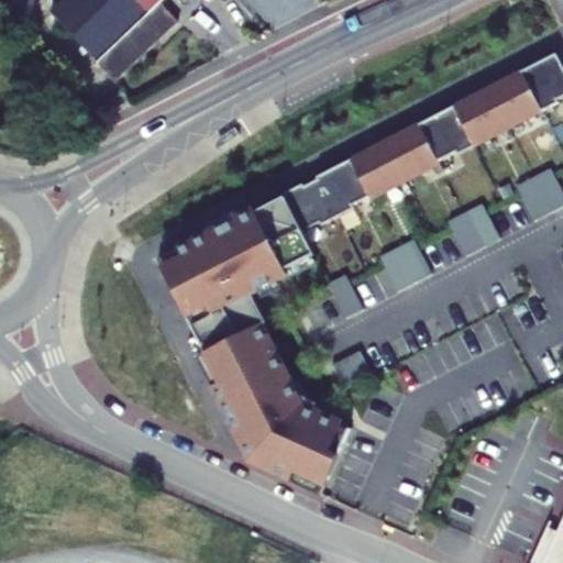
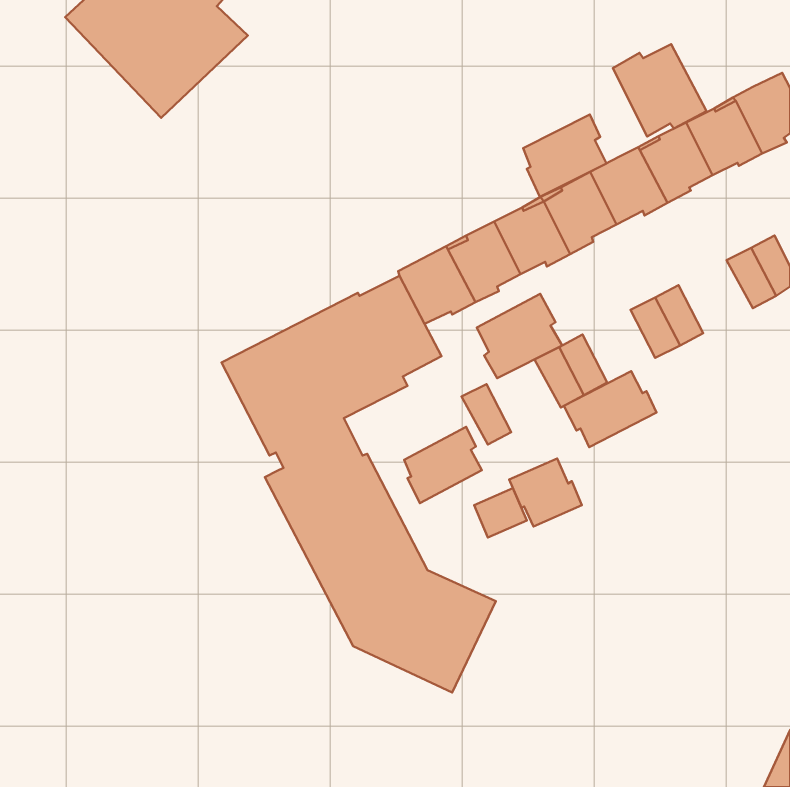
building: none -> [613,44,707,137]
building: none -> [523,115,606,197]
building: none -> [477,294,562,378]
building: none -> [564,371,657,447]
building: none -> [404,427,482,503]
building: none -> [509,458,582,526]

